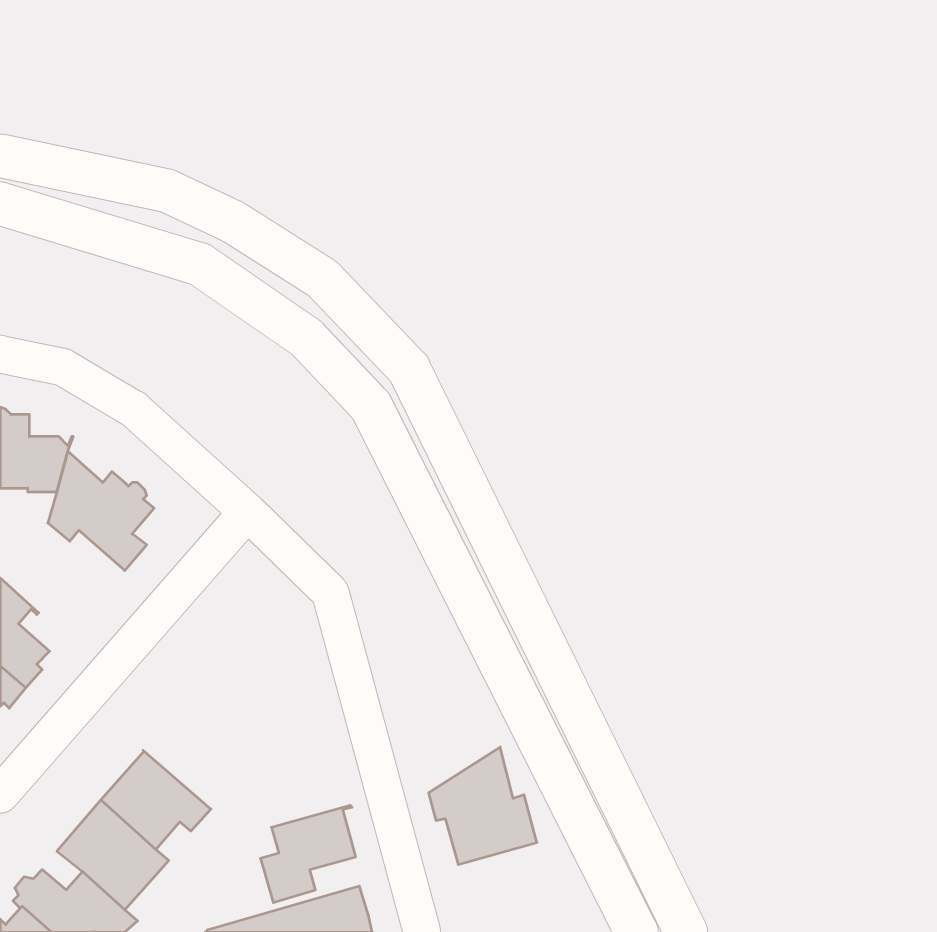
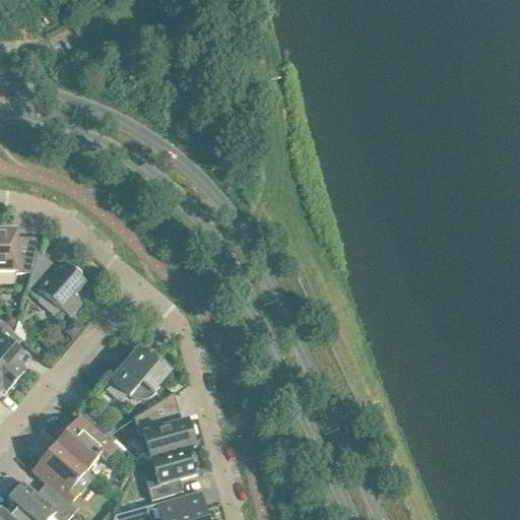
building: none -> [111,348,170,399]
building: [429,747,537,864] -> [134,393,194,458]

